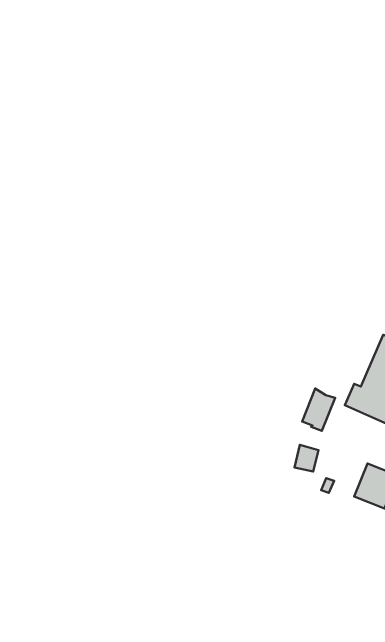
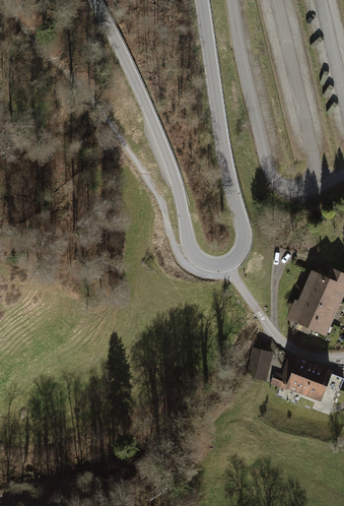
building: [302,388,335,431] -> [281,357,306,389]

